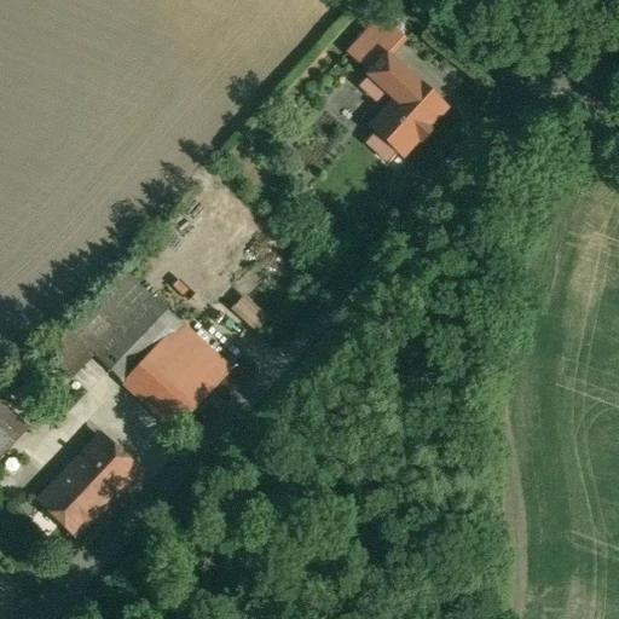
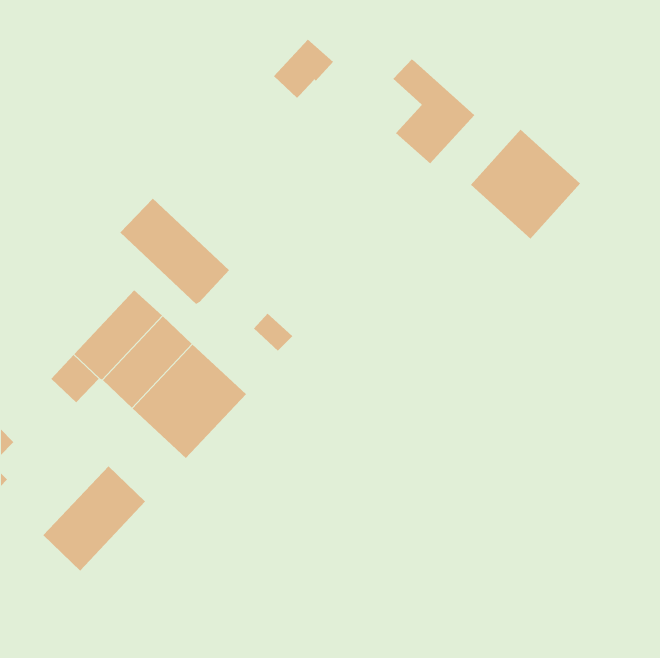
building: [347,16,404,74] -> [273,39,334,101]
building: none -> [470,129,581,240]
building: none -> [119,198,230,305]

